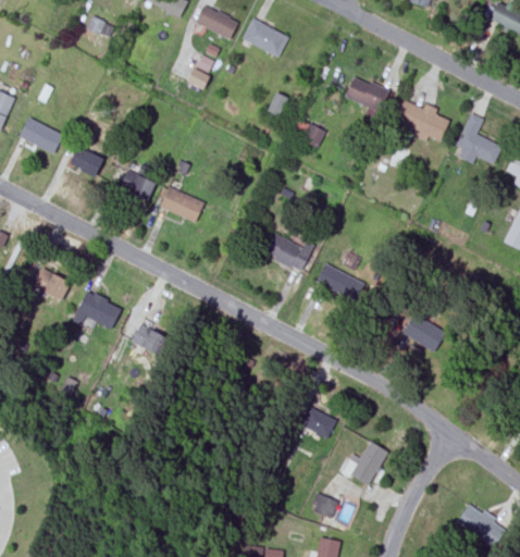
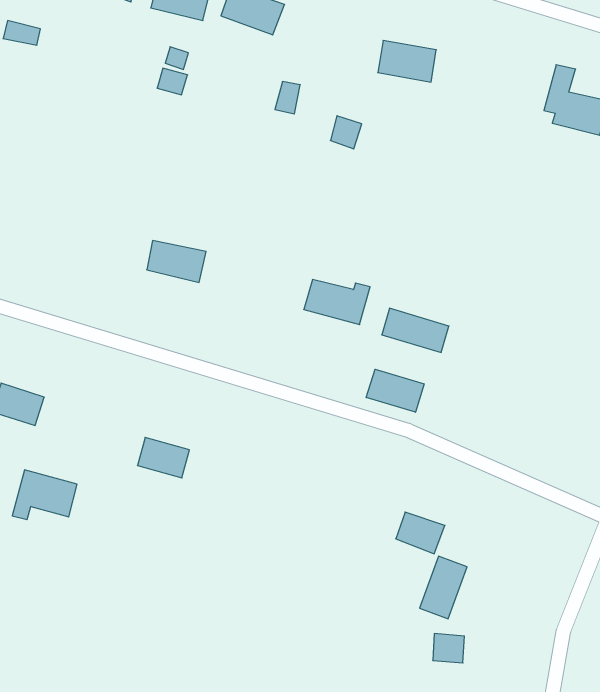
building: [393,99,448,143] -> none
building: [69,146,103,176] -> none
building: [121,171,154,201] -> none
building: [72,290,121,329] -> [12,470,77,520]
building: none -> [366,369,424,412]
building: [403,313,445,352] -> none
building: [349,442,387,486] -> [420,556,467,619]

